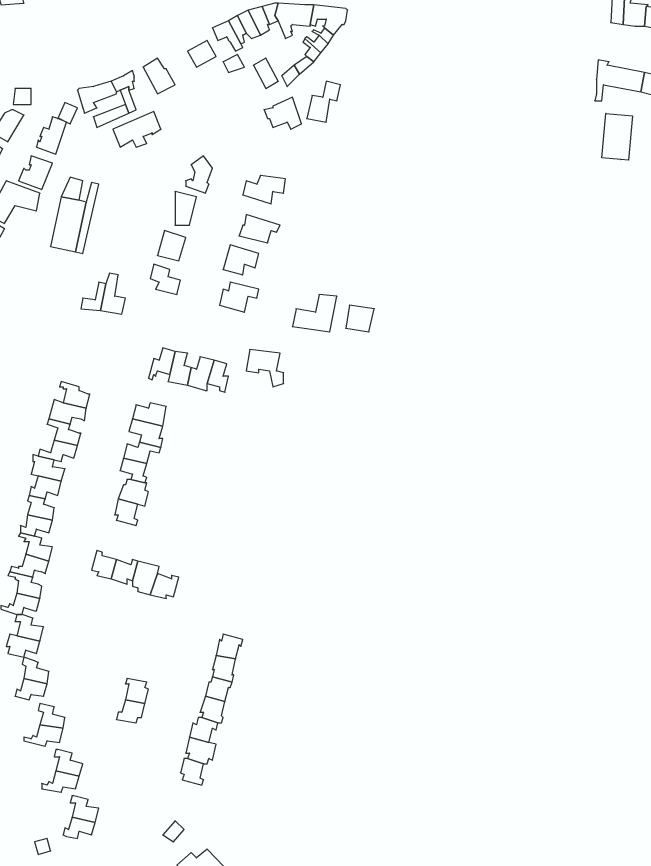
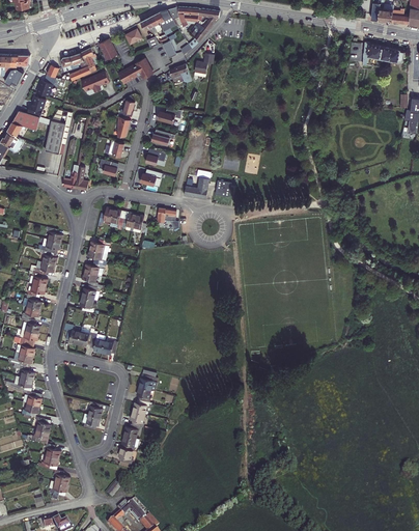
building: none -> [116,57,150,84]
building: [602,113,632,160] -> none

